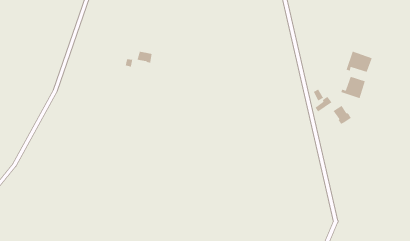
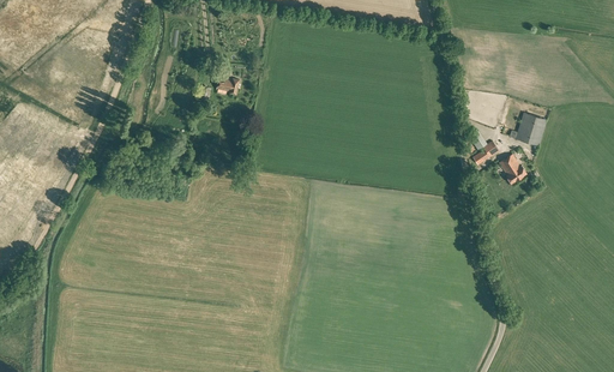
building: [346,51,373,73] -> none

